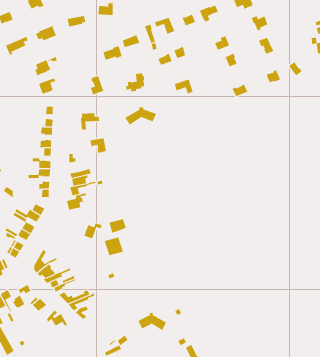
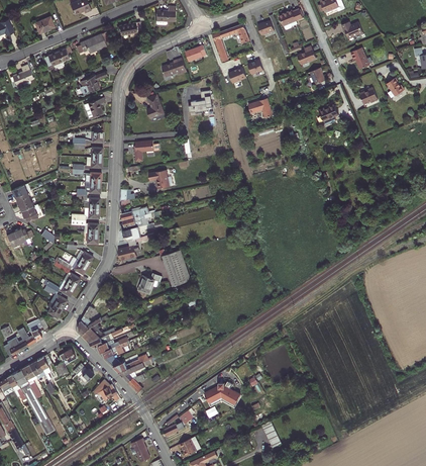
building: [125,106,157,125] -> none
building: [104,237,124,256] -> [163,250,187,273]

